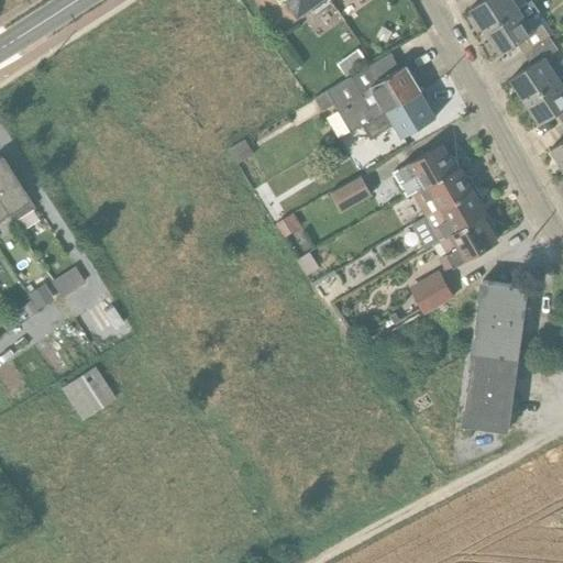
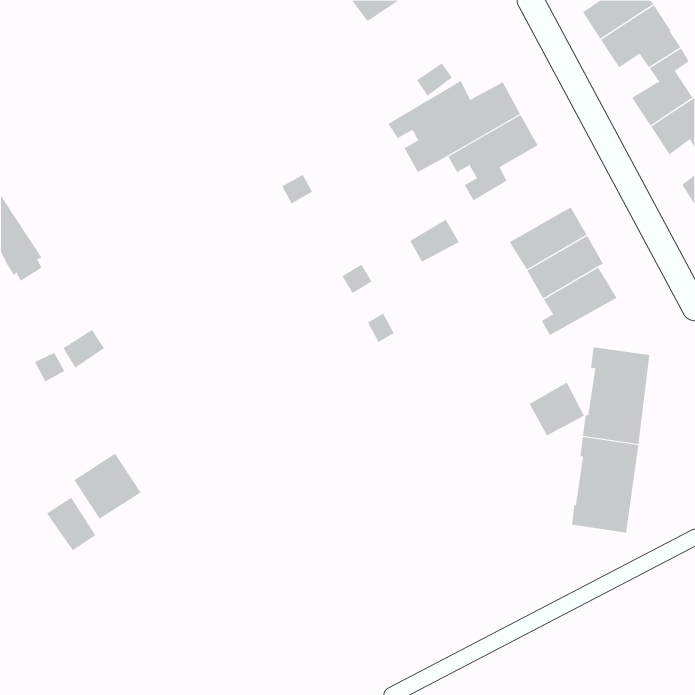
building: [383,143,457,207] -> none
building: [408,271,453,314] -> [529,382,585,436]
building: none -> [46,497,96,551]

